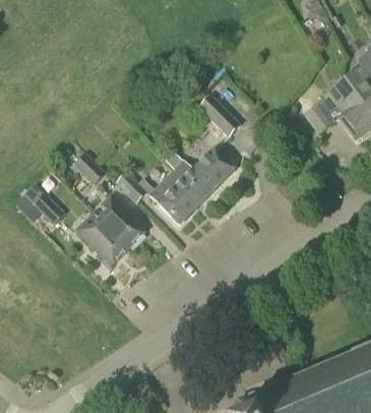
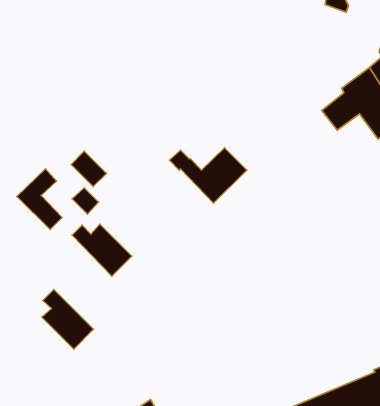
building: [198,93,241,135] -> none
building: [115,167,204,223] -> none
building: [100,192,147,247] -> [42,290,94,349]

